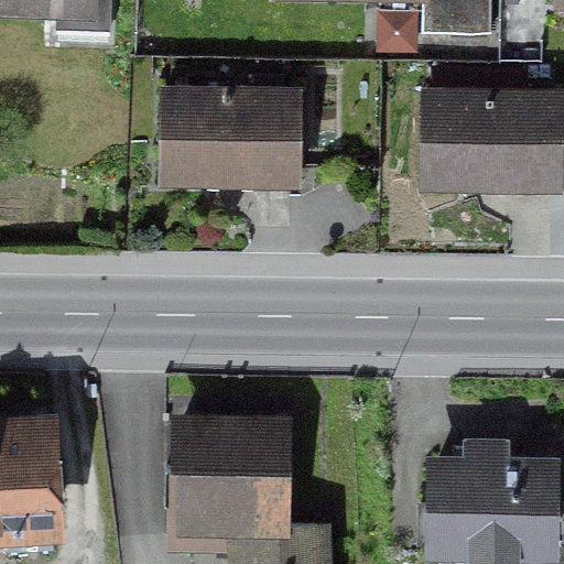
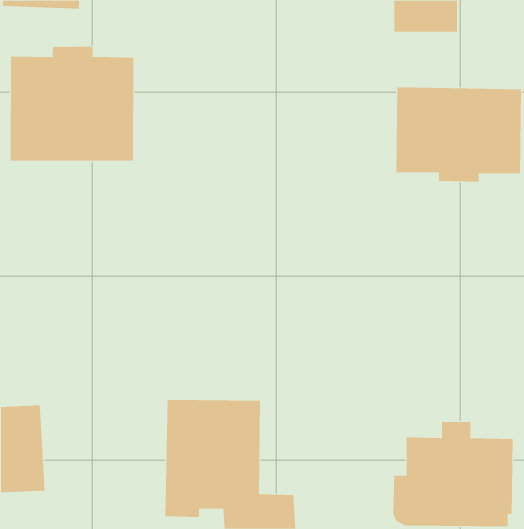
building: none -> [10,46,134,161]
building: [166,93,299,191] -> none

